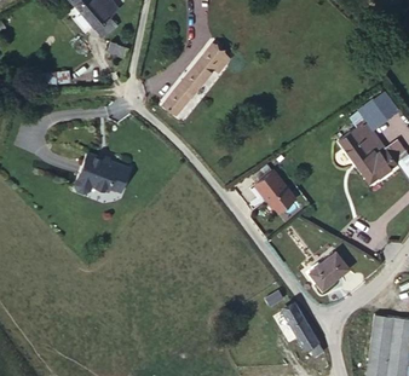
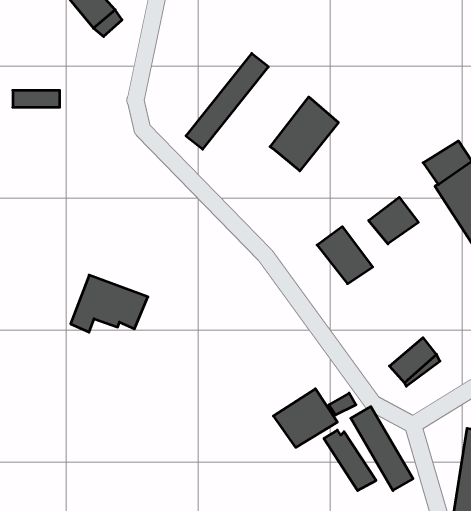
building: none -> [270,97,338,171]
building: none -> [369,197,418,244]
building: [71,152,127,193] -> [71,275,148,332]
building: none -> [273,389,337,447]

